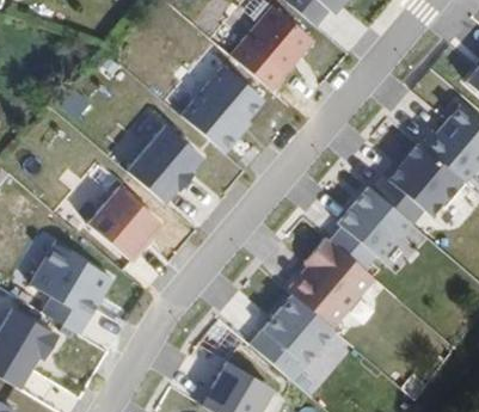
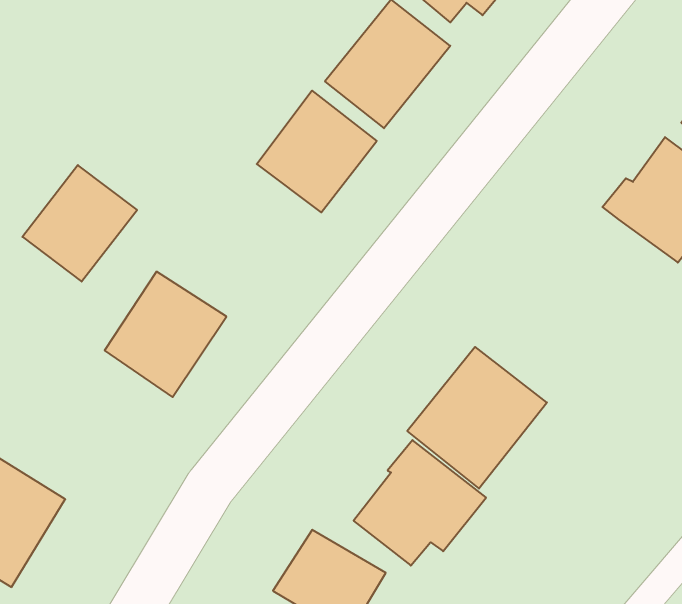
building: [129,124,205,202] -> [22,165,137,282]
building: [380,149,454,219] -> none
building: [336,186,414,263] -> none
building: [36,248,109,318] -> none

